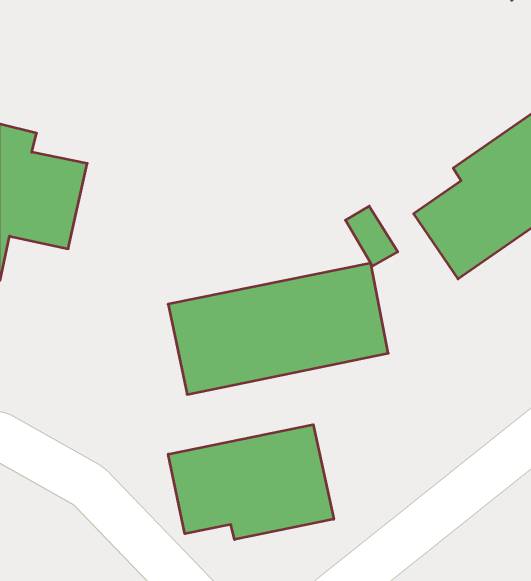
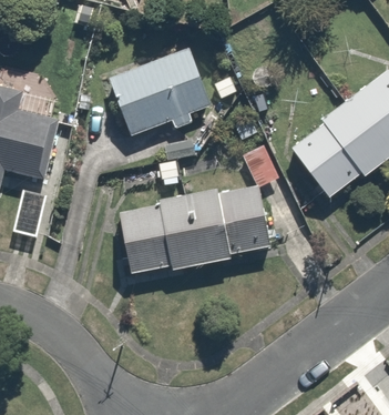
building: none -> [106,44,204,132]
building: [168,425,334,540] -> none

